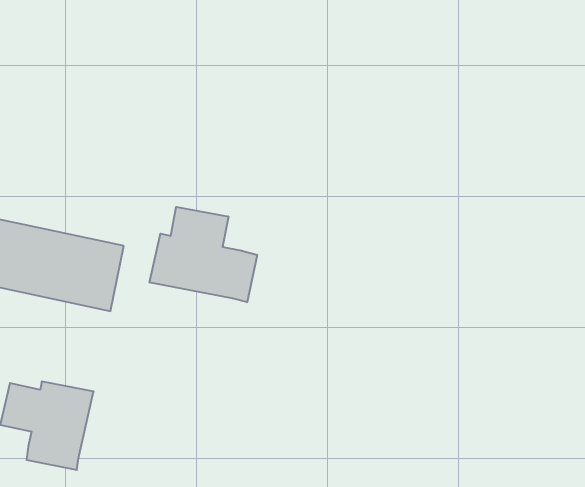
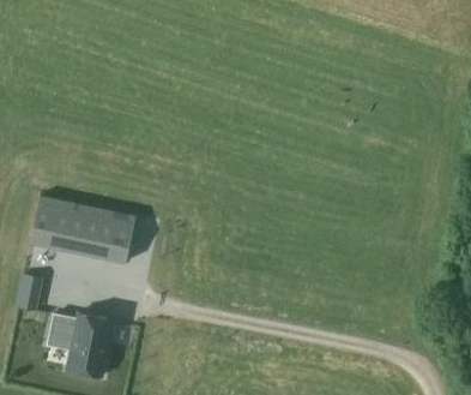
building: [150,207,257,302] -> none

